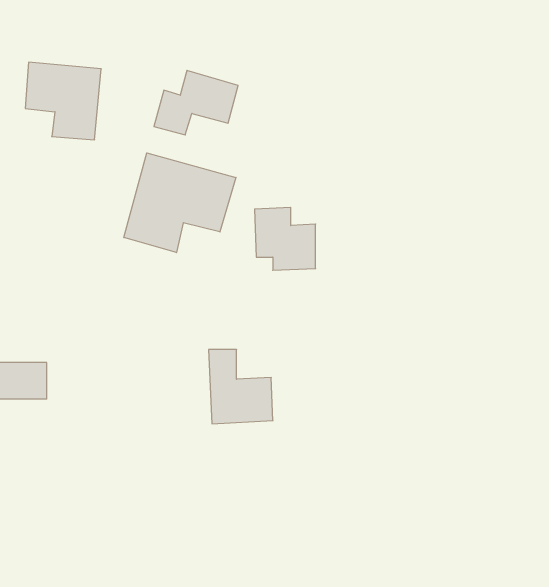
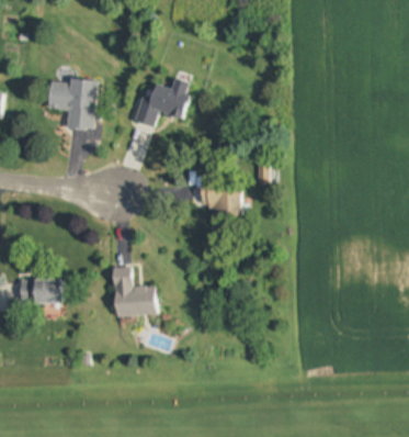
building: [124,153,236,253] -> none
building: [209,350,273,424] -> [113,267,156,316]

